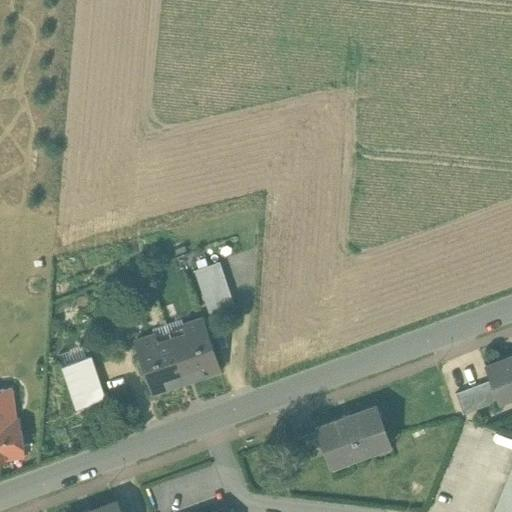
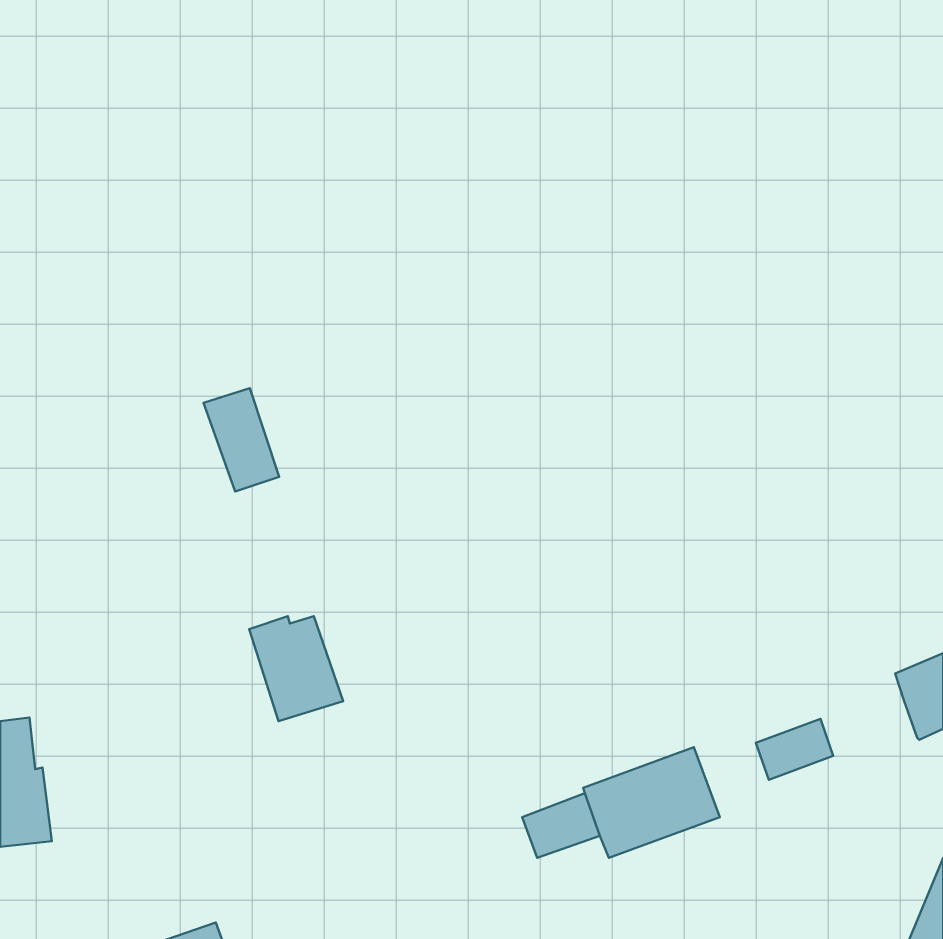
building: [194,263,235,319] -> [204,388,279,491]
building: [170,320,220,382] -> none
building: [63,358,103,409] -> none
building: [455,382,497,415] -> [756,719,833,780]

